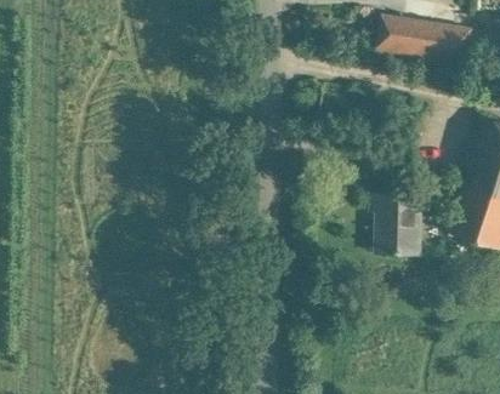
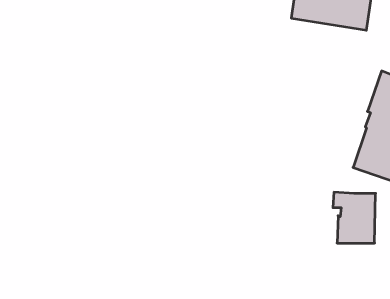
building: [373,193,424,253] -> [333,192,376,243]

